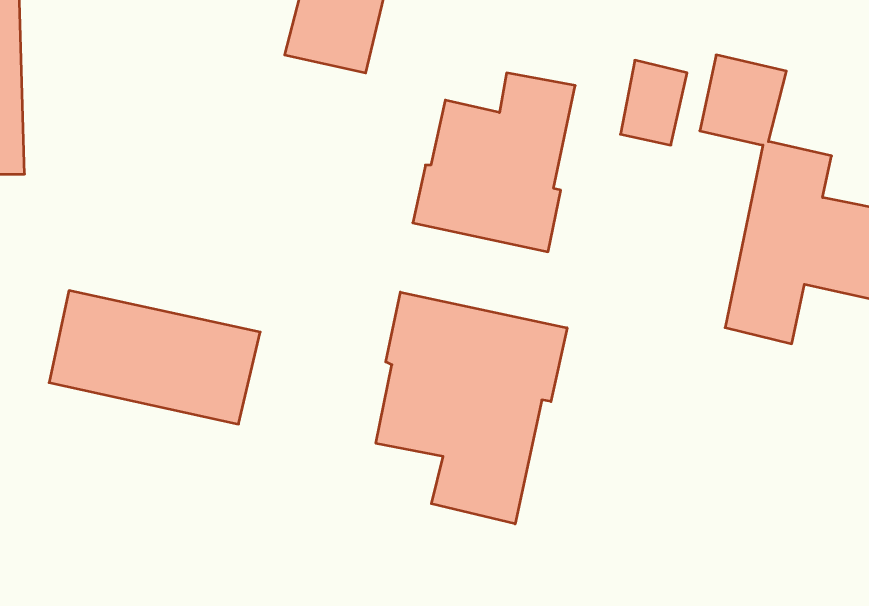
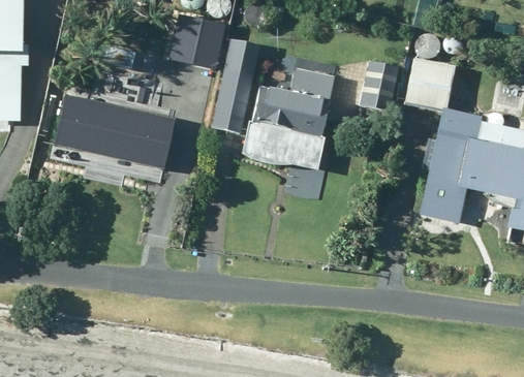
building: none -> [211,36,259,130]
building: [49,291,260,424] -> [51,94,172,170]
building: [376,292,567,524] -> none

